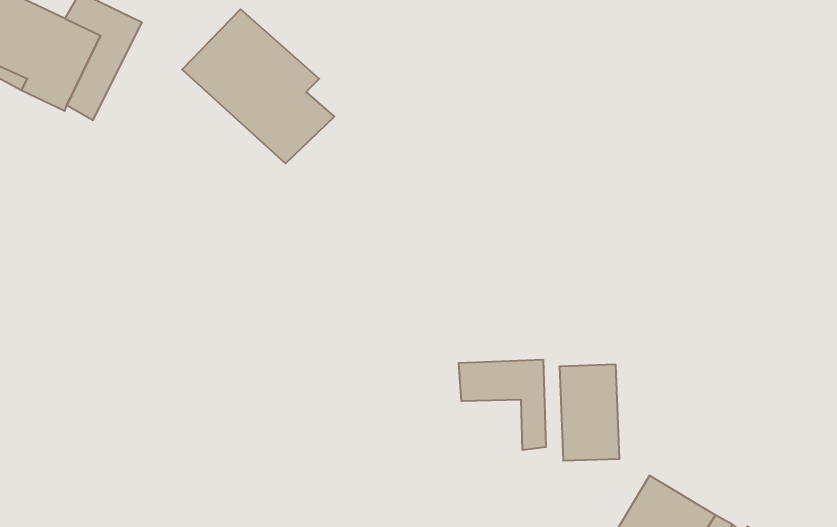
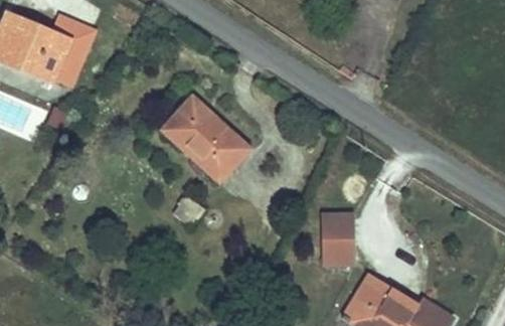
building: [182,9,334,163] -> [166,95,247,177]
building: [459,360,546,450] -> none

